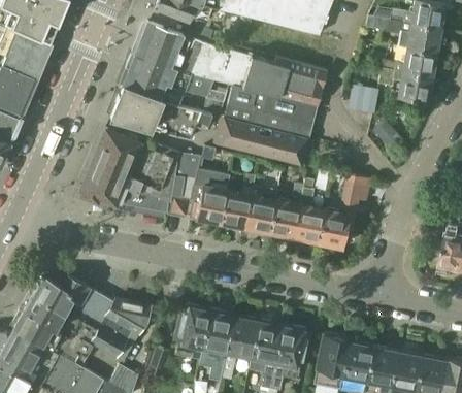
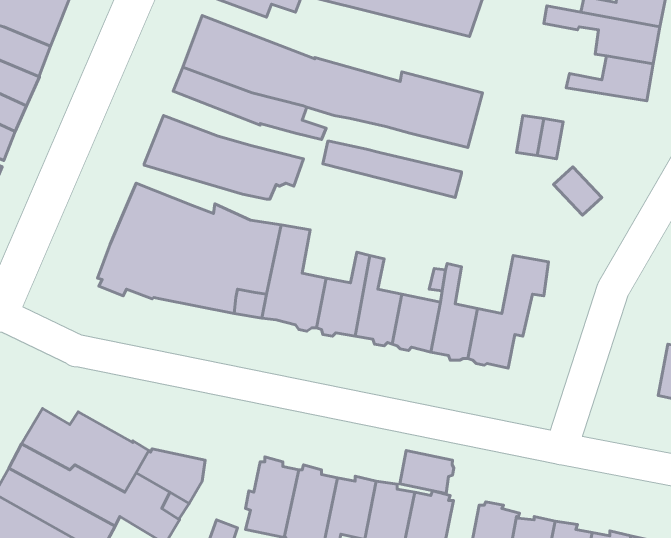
building: [378,67,432,102] -> none
building: [122,69,185,104] -> none
building: [228,85,318,121] -> none
building: [213,114,311,165] -> none
building: none -> [400,451,454,494]

